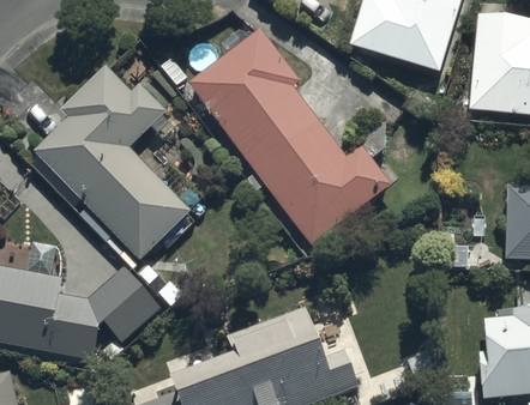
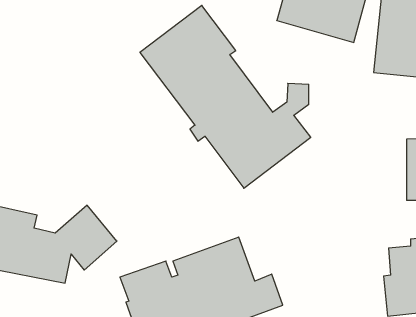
building: [32,64,191,259] -> none

